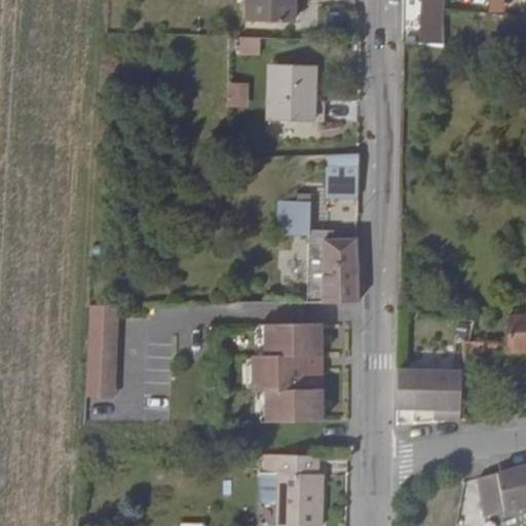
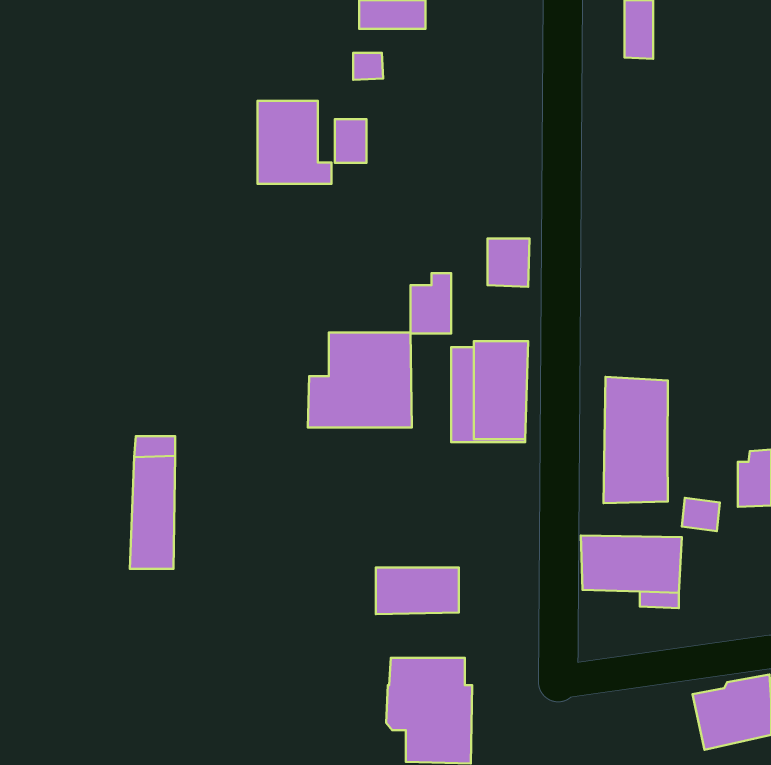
building: [272,65,323,121] -> [258,101,332,184]
building: none -> [604,377,668,503]
building: [249,326,320,390] -> [308,333,412,428]

